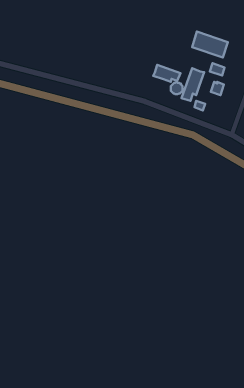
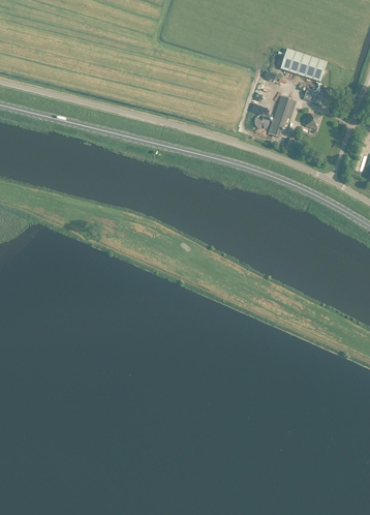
building: [153,65,180,82] -> none

